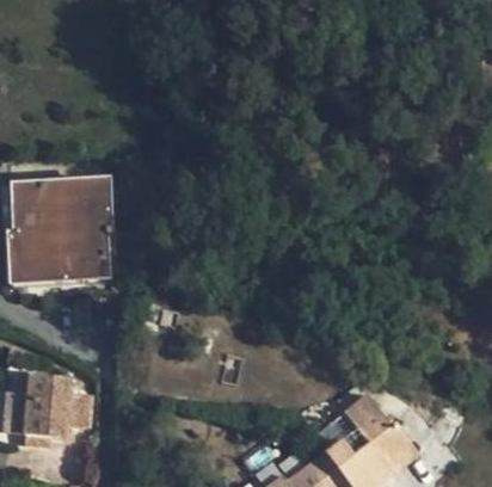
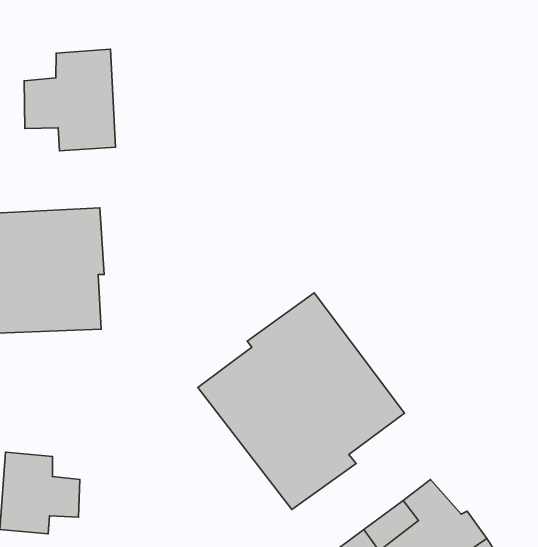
building: none -> [24,49,116,151]
building: none -> [198,293,404,509]

